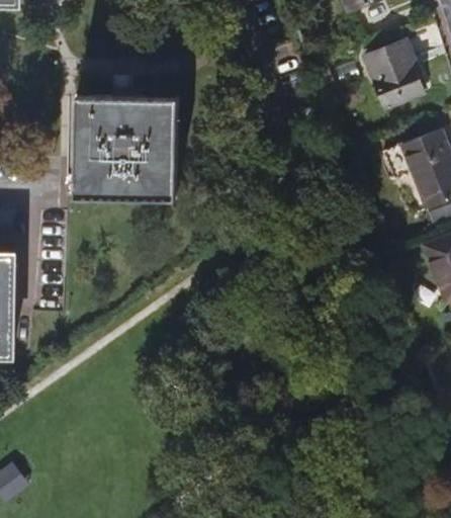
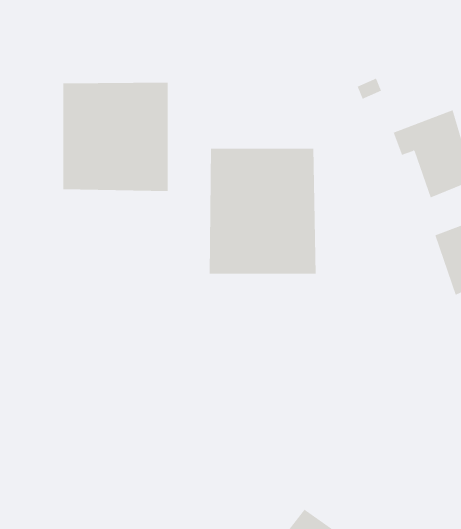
building: [366,34,424,102] -> none
building: none -> [209,148,316,274]

